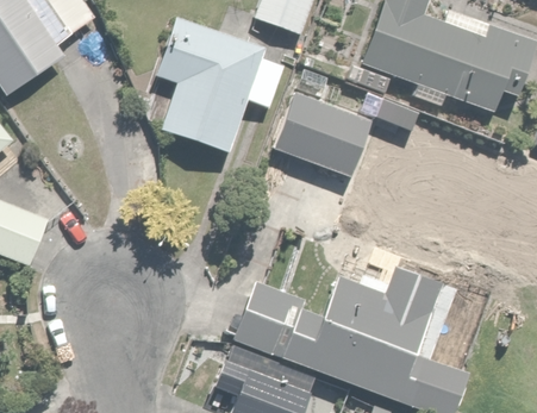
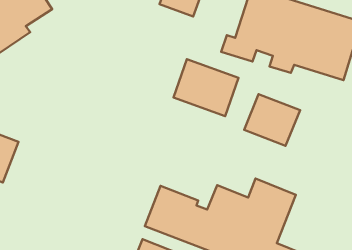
building: [156,17,287,154] -> none
building: none -> [244,94,300,146]

